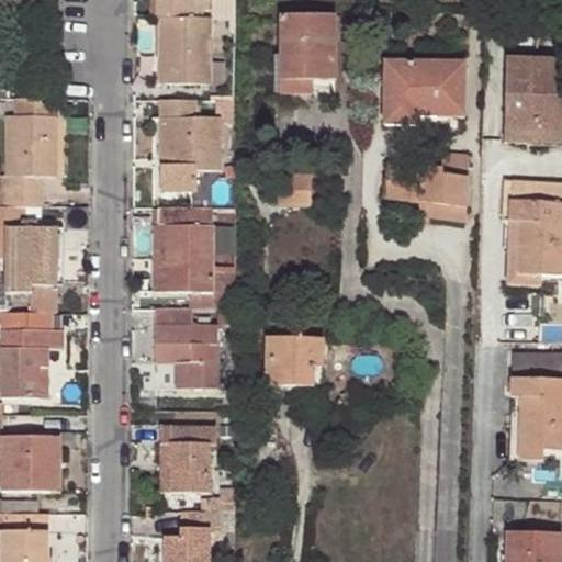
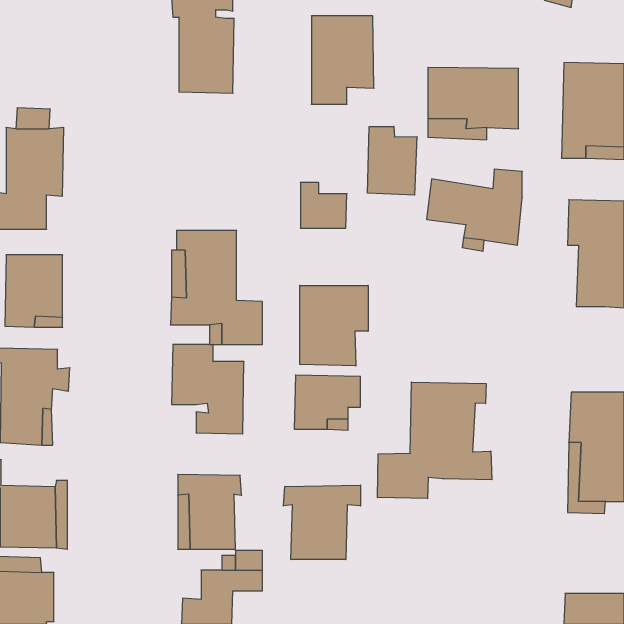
building: [158,99,221,190] -> none
building: none -> [368,126,417,195]
building: [506,220,541,286] -> none
building: none -> [300,285,368,366]
building: none -> [377,382,492,499]
building: none -> [283,485,360,560]

